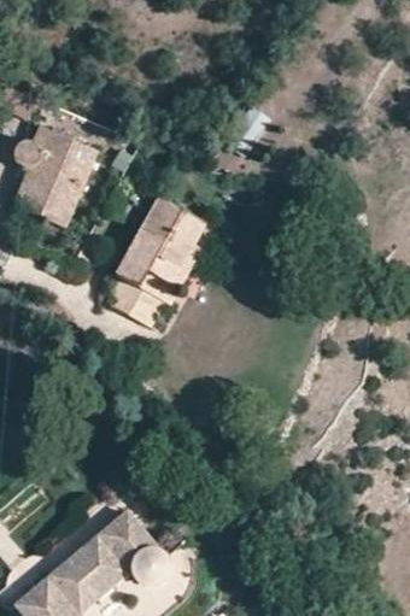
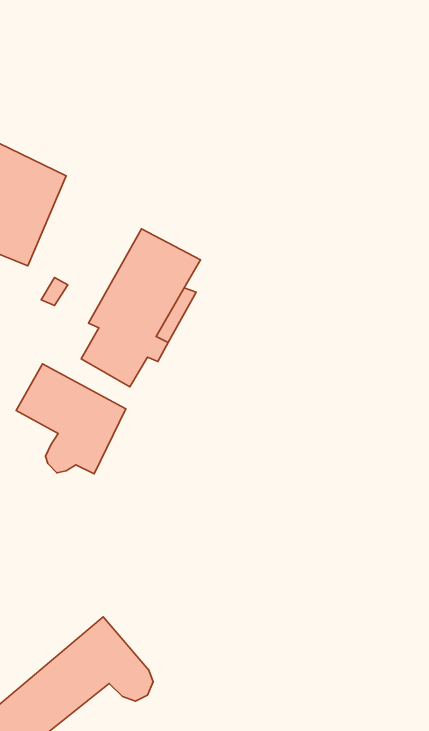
building: none -> [16,364,126,474]

